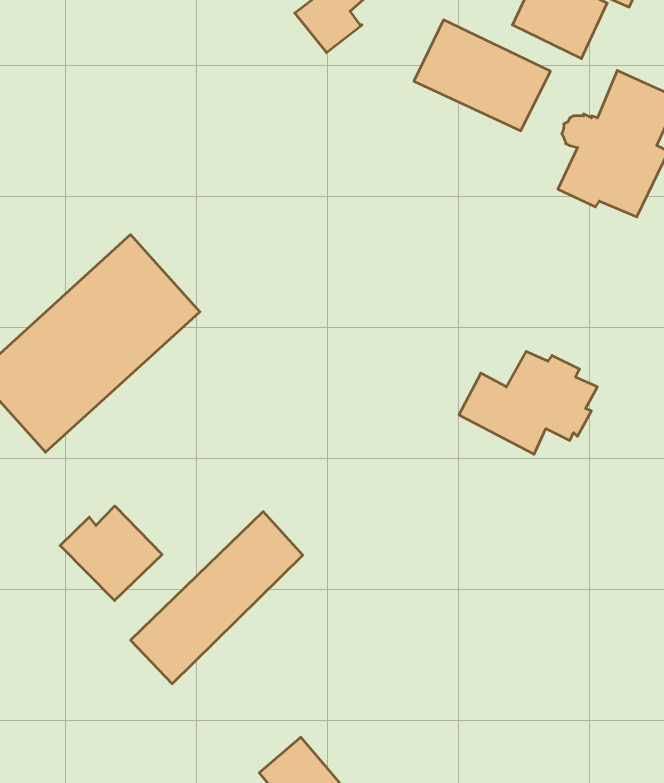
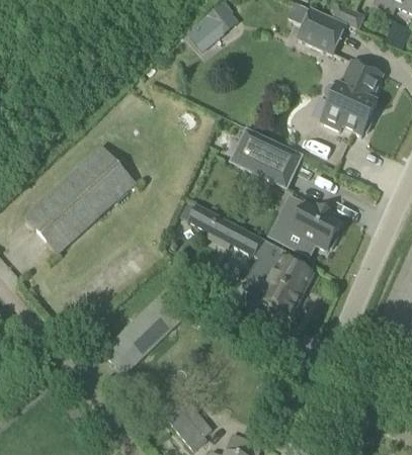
building: [414,20,550,131] -> [230,129,300,186]
building: none -> [187,203,314,315]
building: [60,506,162,601] -> none

